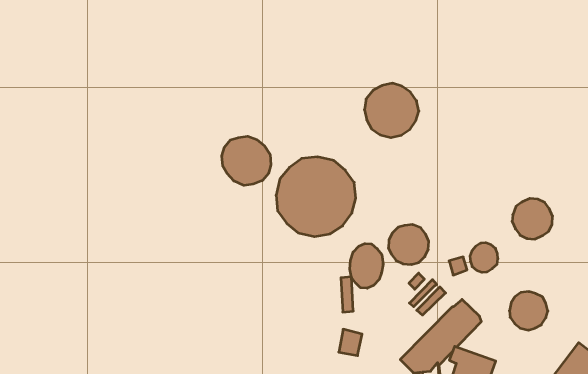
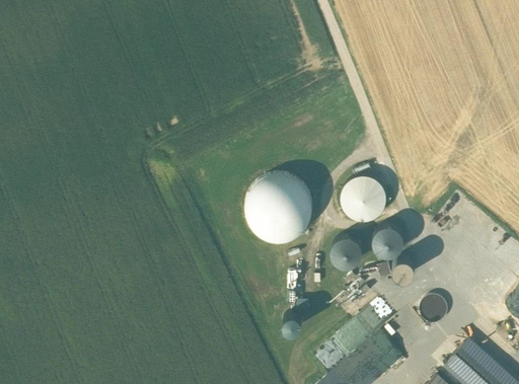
building: [364,83,419,138] -> [343,178,384,220]
building: [222,136,271,185] -> none
building: [512,198,553,239] -> [372,225,403,256]
building: [350,244,383,288] -> none

